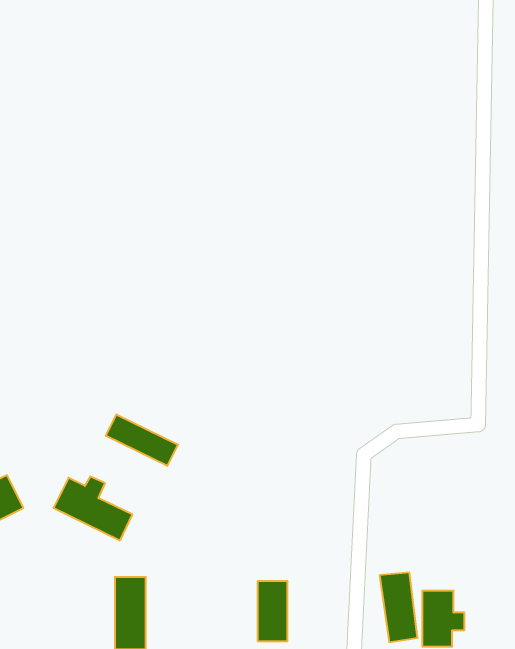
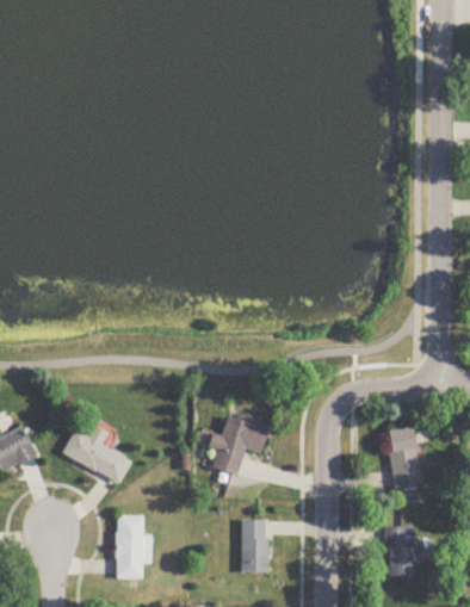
building: [106,414,178,466] -> none
building: none -> [210,415,268,475]
building: [380,573,418,642] -> [388,427,421,488]

